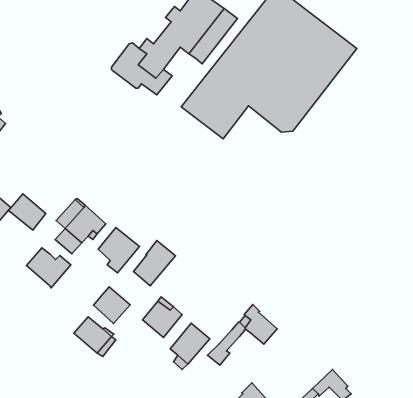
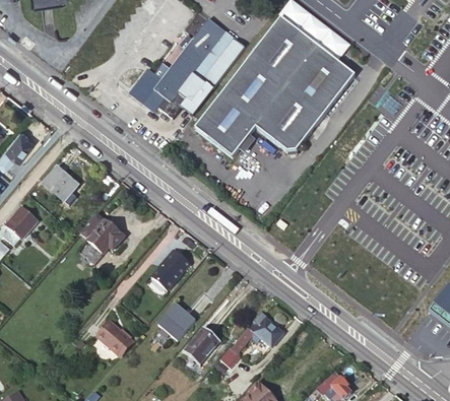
building: none -> [178,72,207,98]
building: [8,194,46,230] -> [43,166,77,200]
building: [98,227,139,273] -> none
building: [26,248,71,288] -> none
building: [93,287,130,324] -> none

